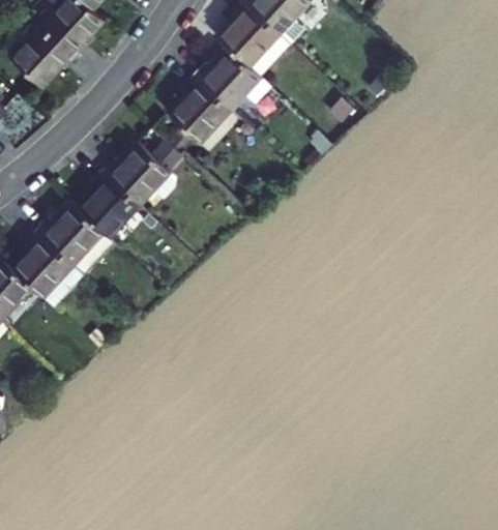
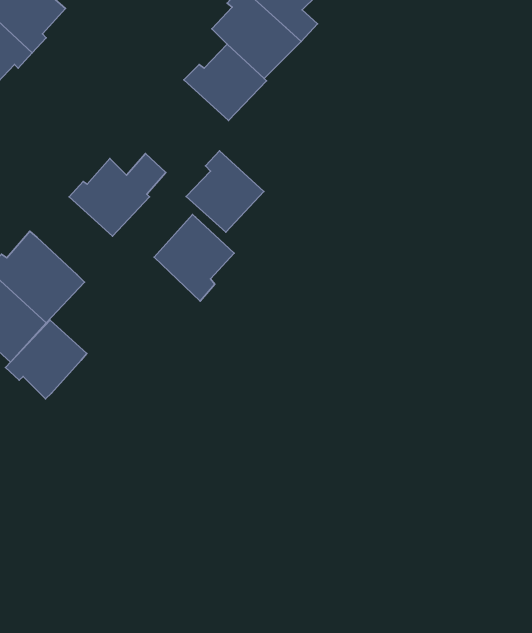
building: [170,78,233,144] -> [186,151,264,232]
building: [78,173,139,236] -> none
building: none -> [154,215,234,301]
building: none -> [6,320,87,399]

